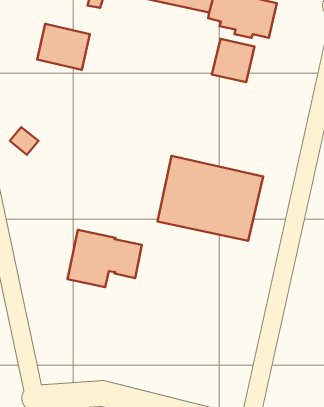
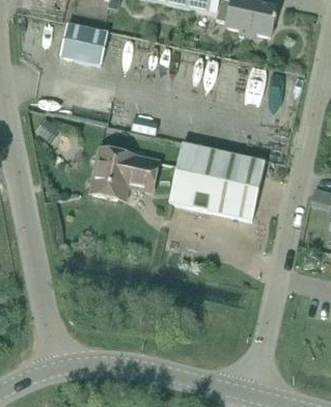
building: [212,39,255,82] -> none
building: [67,230,142,287] -> [90,147,158,199]

